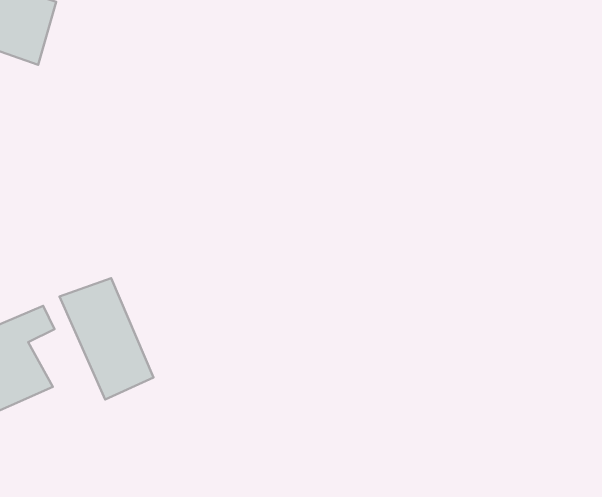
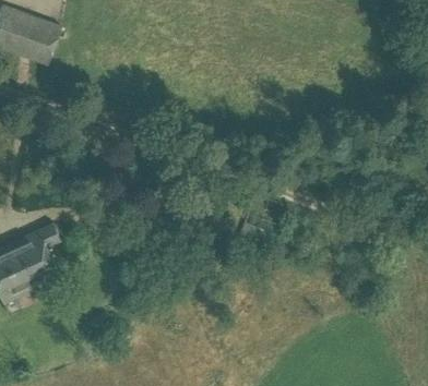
building: [60,278,153,400] -> none

